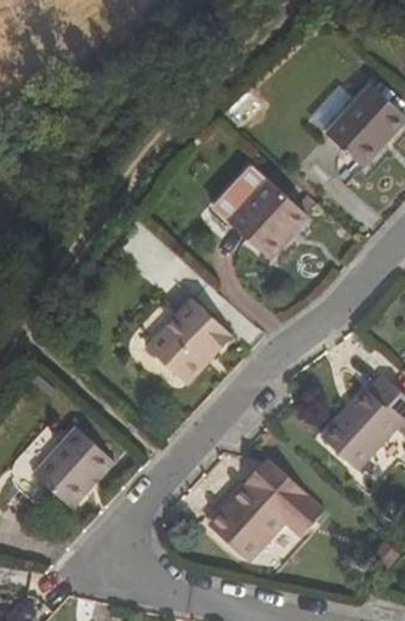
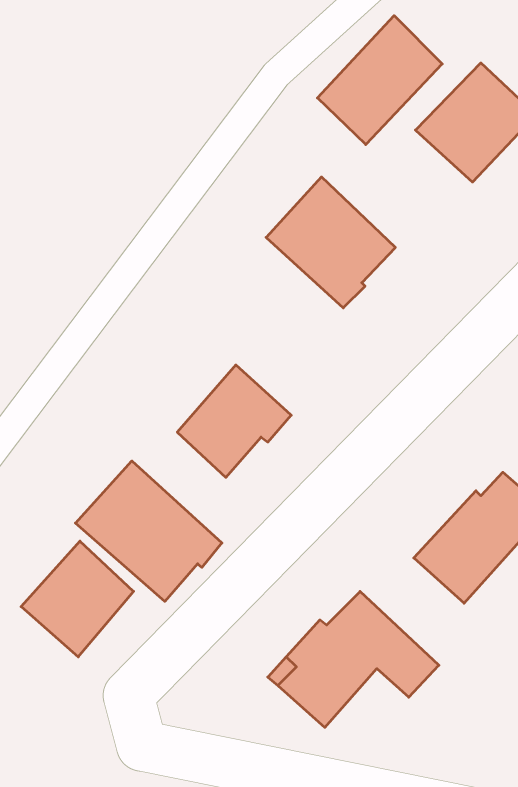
building: none -> [317,16,442,145]
building: none -> [75,461,222,601]

